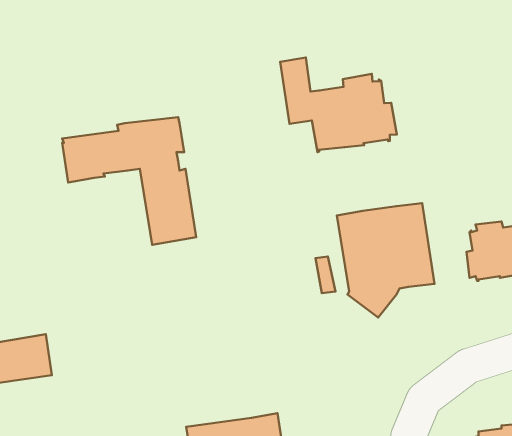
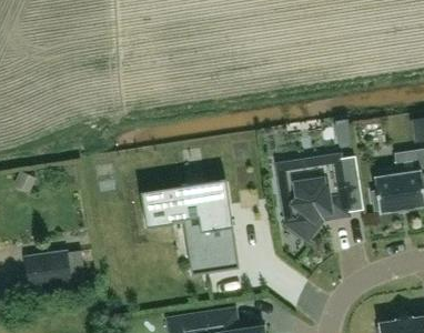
building: [280,58,397,152] -> none
building: [62,117,196,245] -> [141,180,239,273]

